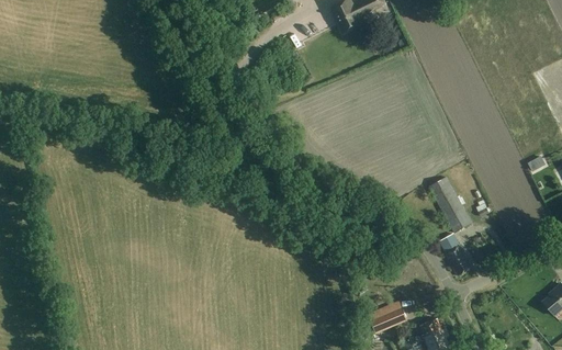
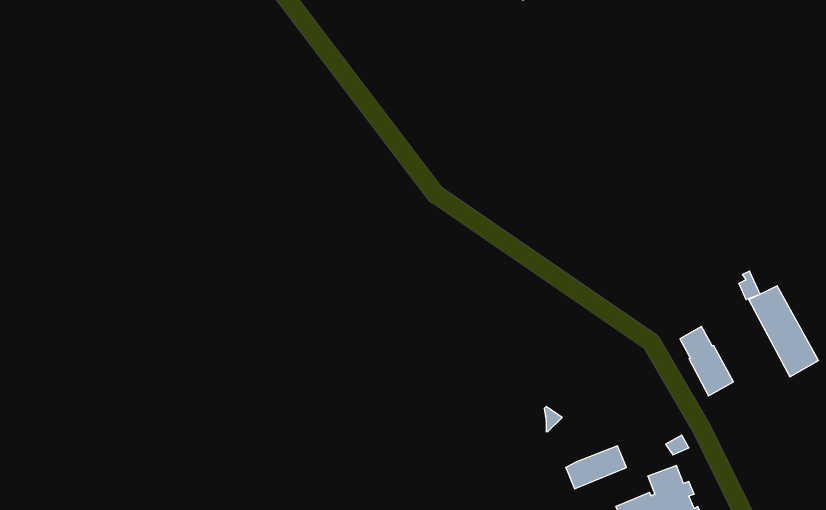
building: [430,177,473,233] -> [749,286,818,377]

